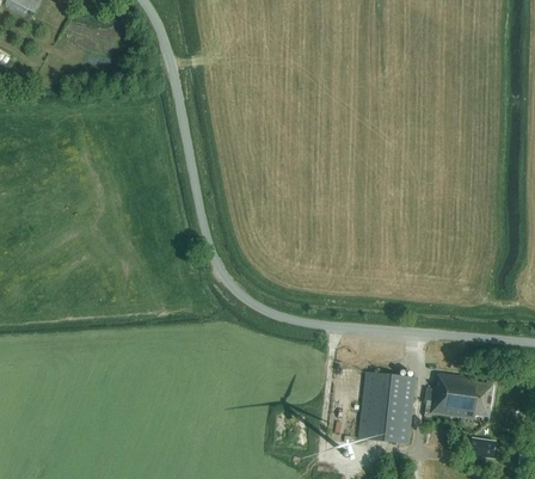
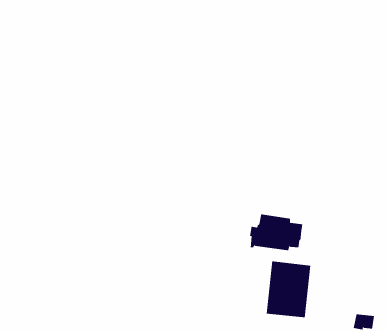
building: [423,370,491,417] -> [249,214,303,251]

